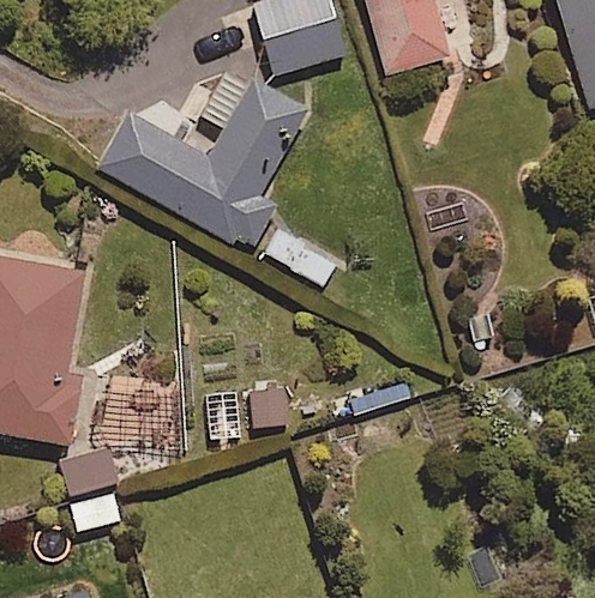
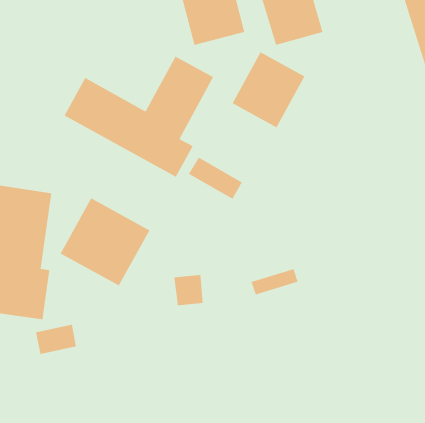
building: none -> [231,51,306,128]
building: none -> [60,197,150,287]

